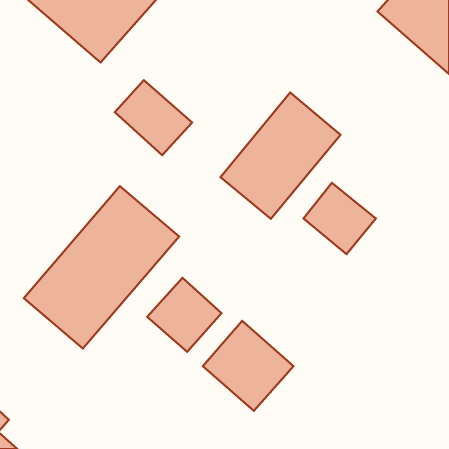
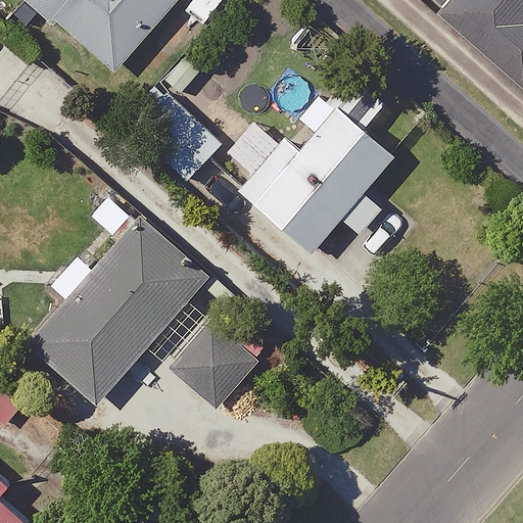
building: [303,183,376,254] -> none
building: [203,321,294,411] -> none

